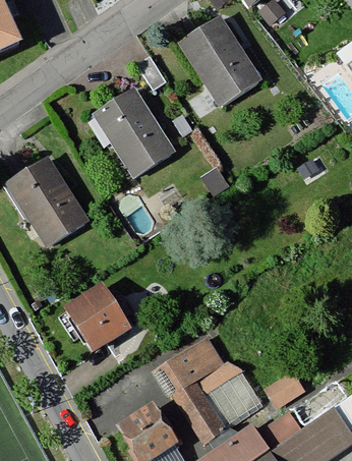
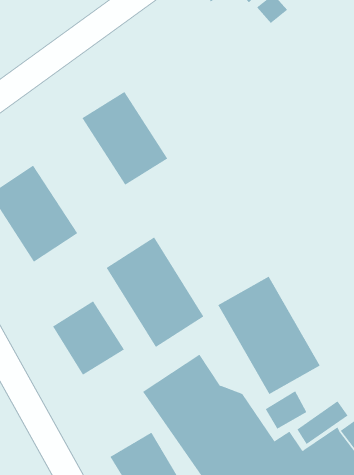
building: [181,19,265,110] -> none
building: none -> [106,236,204,348]
building: none -> [218,276,320,395]

